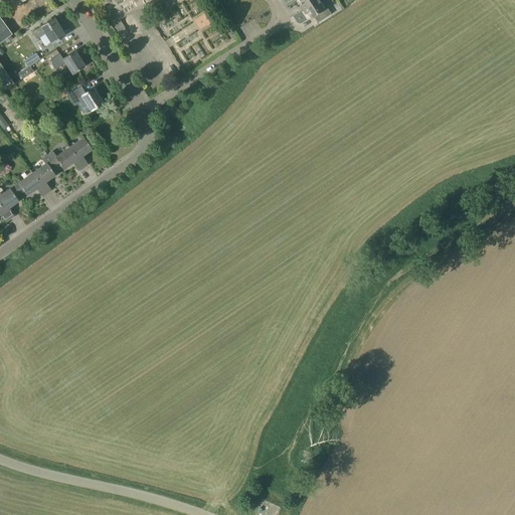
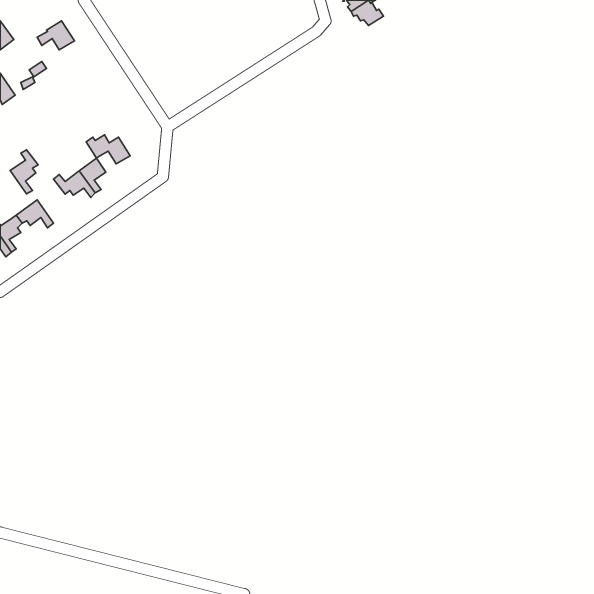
building: [49,51,83,73] -> none
building: [64,85,103,111] -> [86,135,130,164]
building: [32,155,56,193] -> [10,150,38,194]

